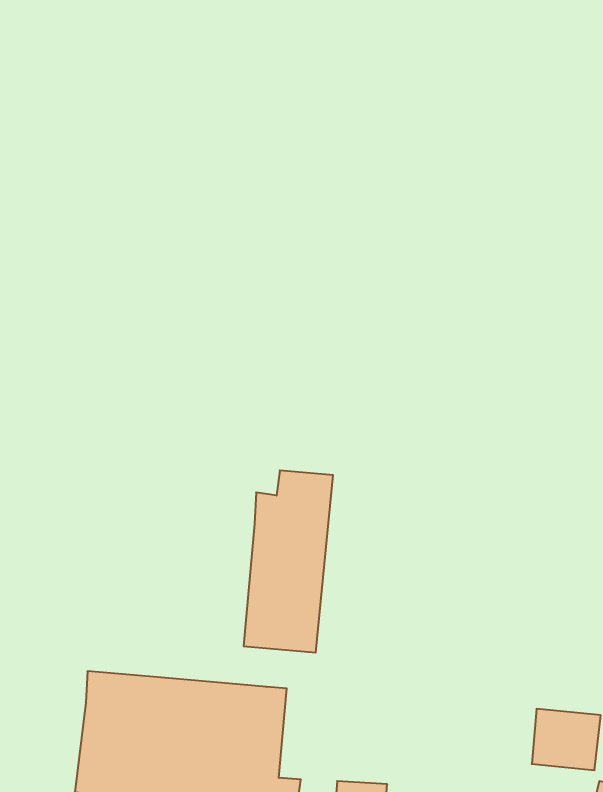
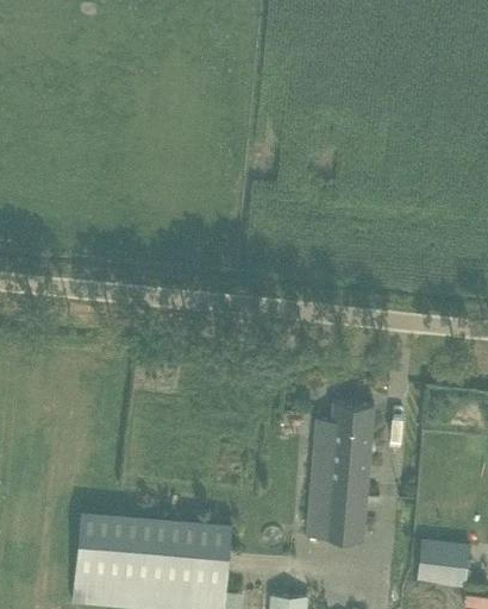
building: [244,470,333,653] -> [307,403,375,541]

